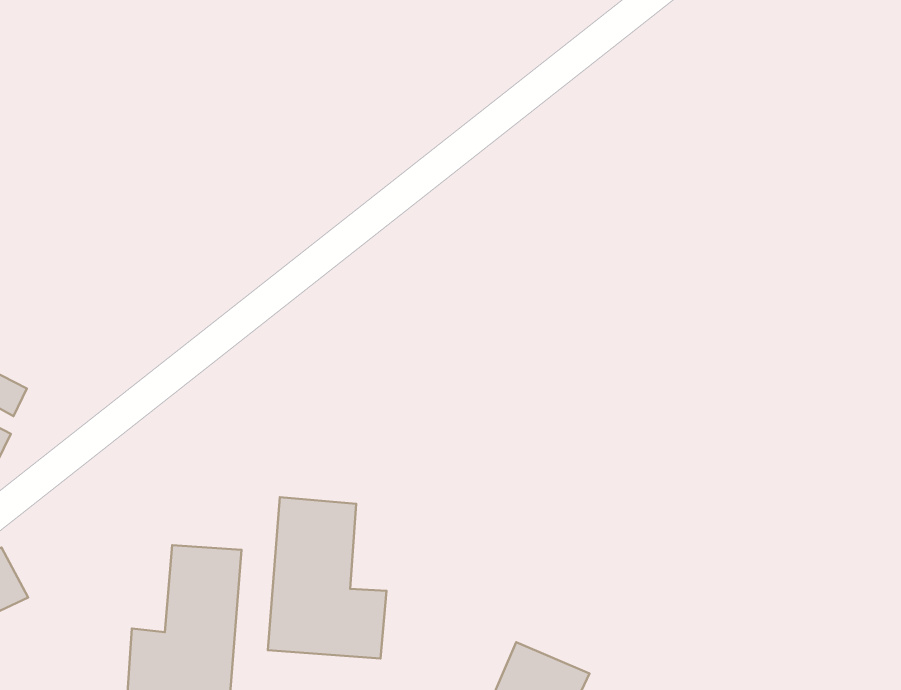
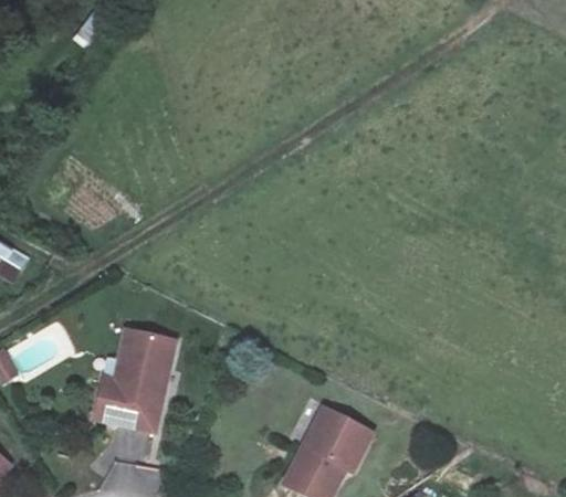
building: [268,497,387,659] -> none

